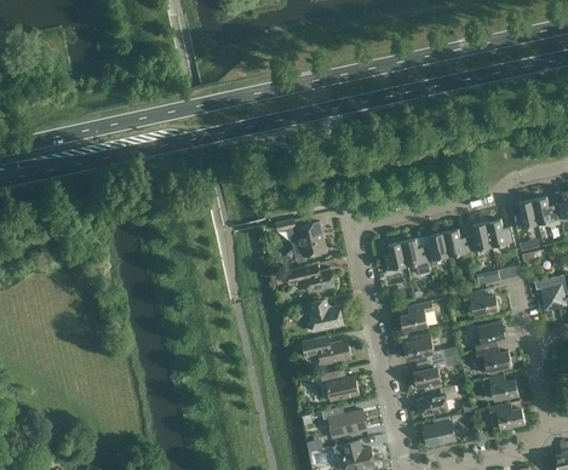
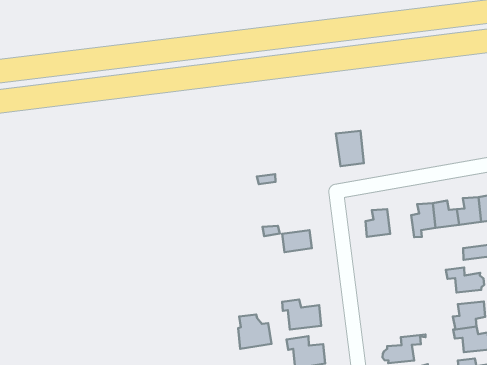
building: [297,222,326,257] -> [336,131,364,166]
building: [402,239,431,275] -> none
building: [310,298,343,332] -> [238,314,271,349]
building: [401,302,432,331] -> none
building: [403,337,449,362] -> none

